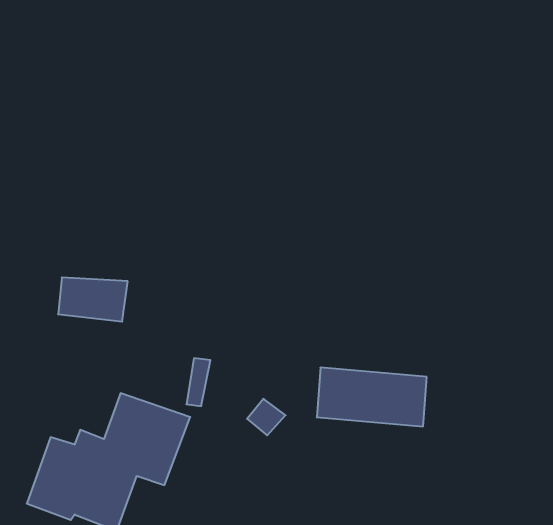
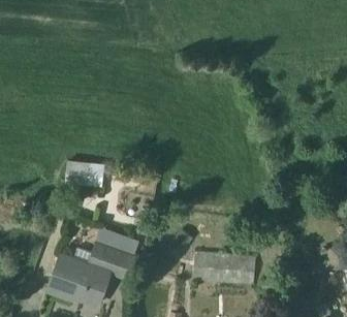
building: [317,368,427,426] -> [193,253,255,286]

